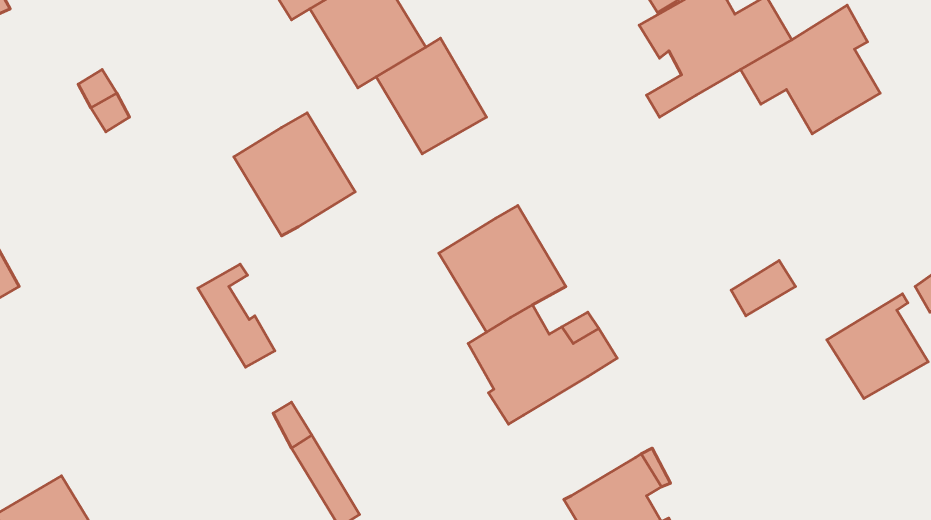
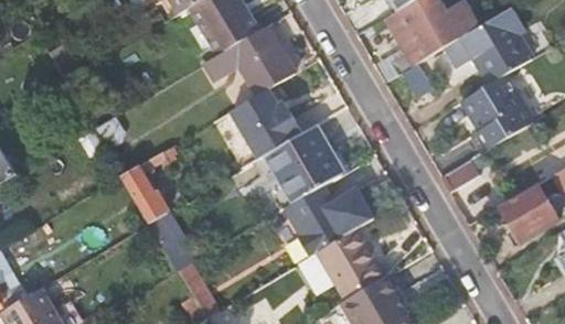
building: [234,113,355,236] -> [227,86,300,160]
building: none -> [462,74,533,151]
building: none -> [317,228,384,300]

